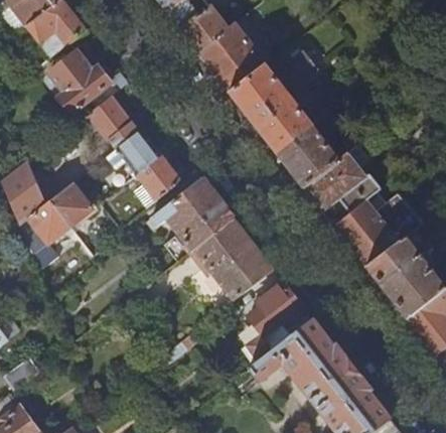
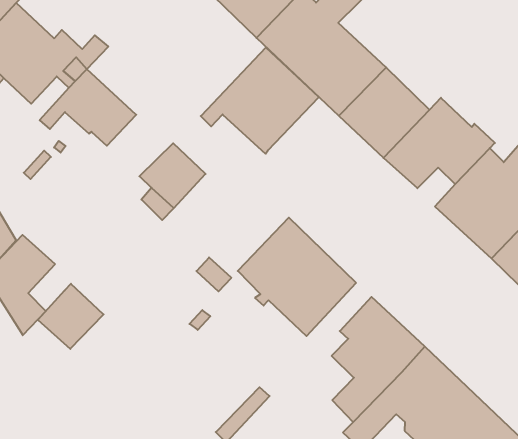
building: [107,130,162,174] -> none
building: [151,178,234,251] -> [201,47,319,154]
building: [50,181,96,226] -> [38,284,104,349]

